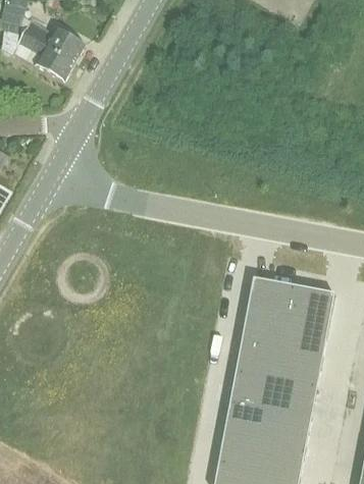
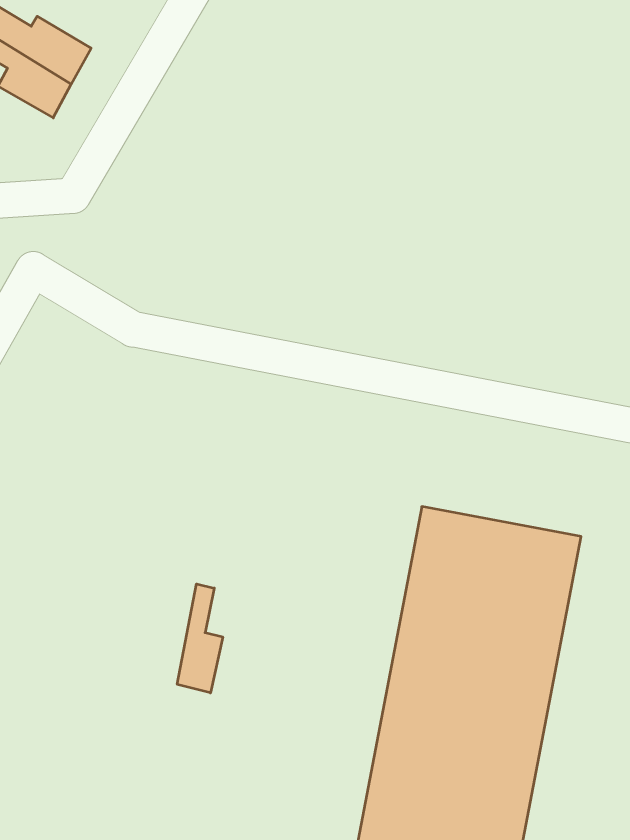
building: none -> [177,584,223,693]

